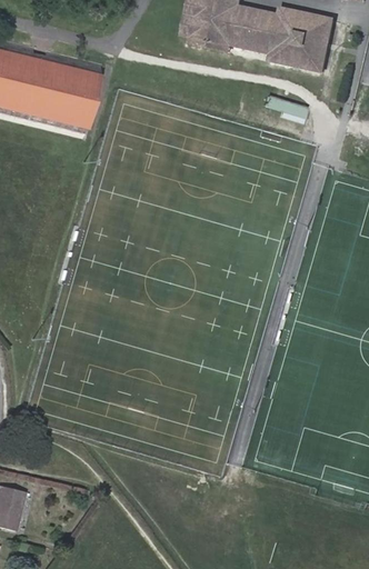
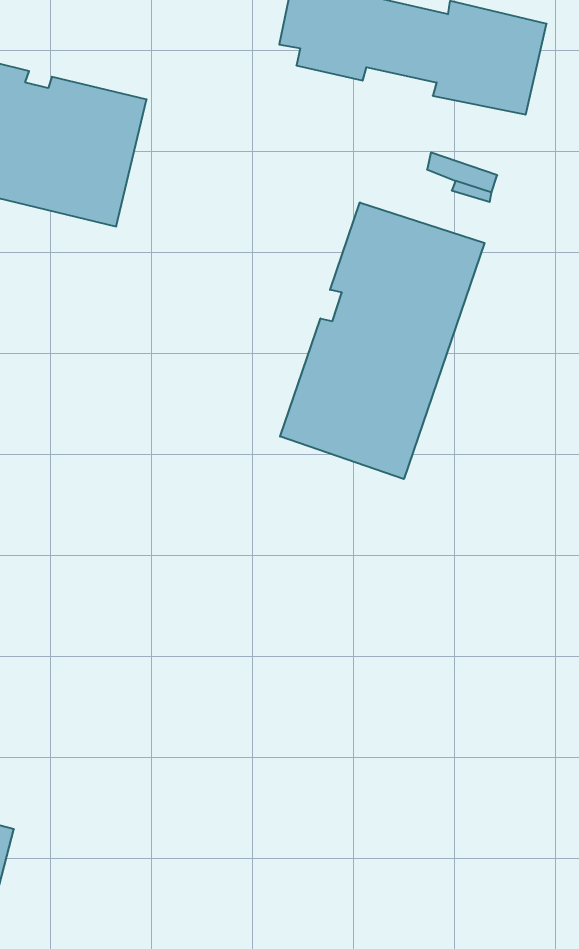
building: none -> [280,202,485,479]

